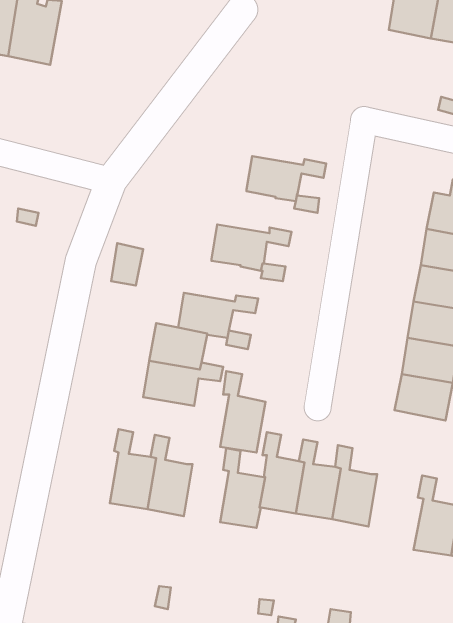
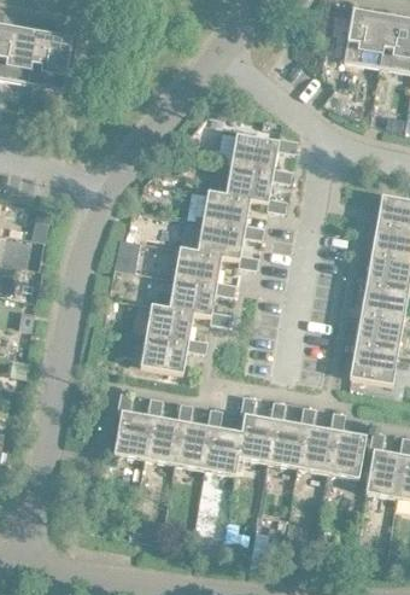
building: none -> [232,134,298,173]
building: none -> [203,191,251,229]
building: none -> [175,247,222,286]
building: [220,371,265,453] -> [175,402,212,469]
building: none -> [328,412,367,478]

